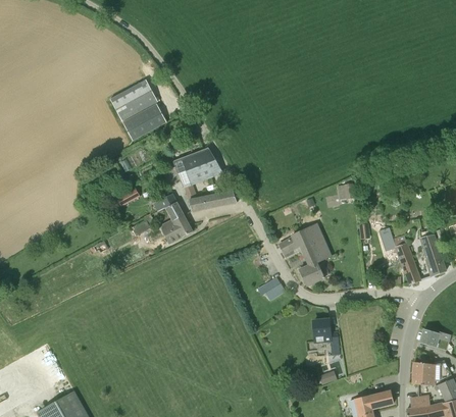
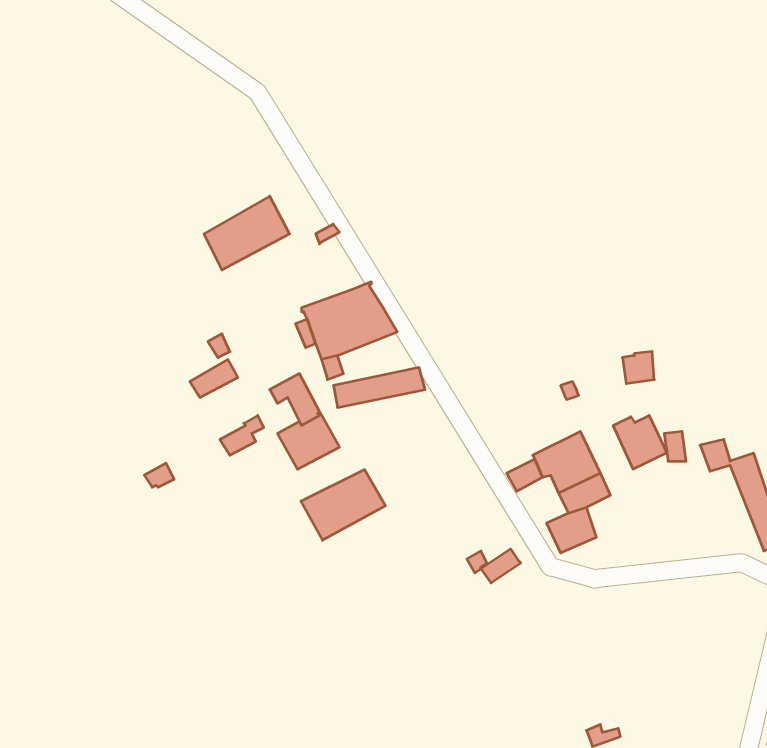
building: [110,80,158,120] -> none
building: none -> [613,415,667,469]
building: none -> [301,470,385,540]
building: [314,319,340,355] -> none

